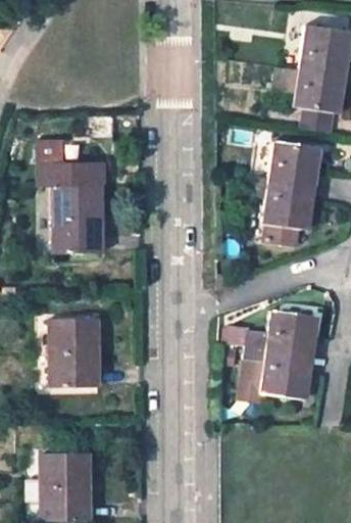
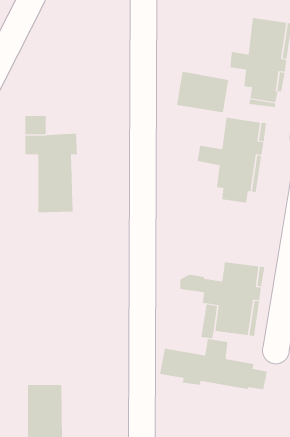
building: none -> [177,71,229,113]
building: [52,319,94,386] -> none
building: none -> [159,338,267,390]

